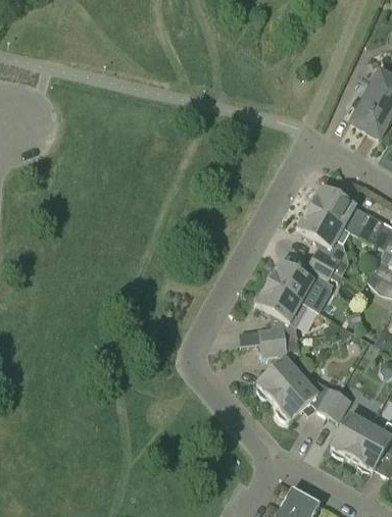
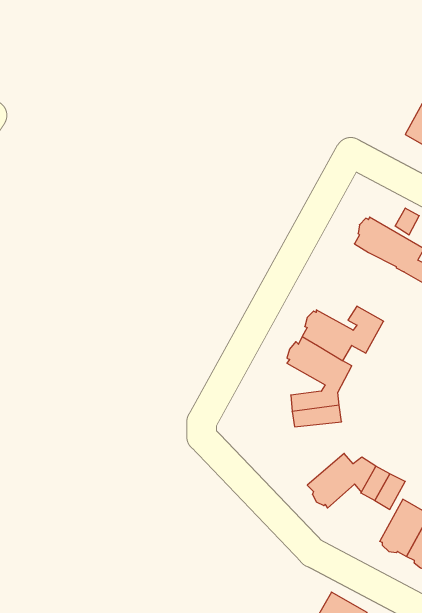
building: [298,208,350,274] -> none
building: [256,358,302,402] -> none

